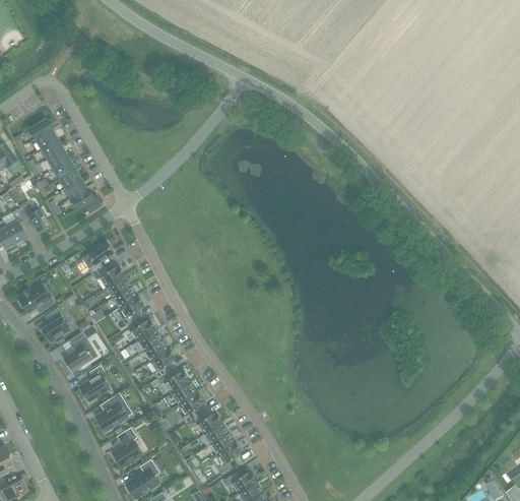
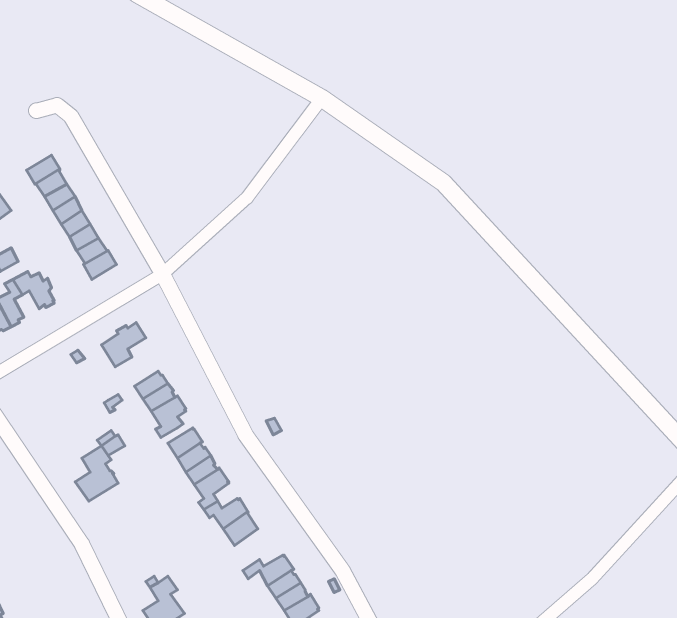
building: [92,264,126,288] -> none
building: [19,285,56,312] -> none
building: [42,307,70,341] -> none
building: [80,365,110,401] -> none
building: [95,392,128,431] -> none
building: [180,392,204,423] -> none

